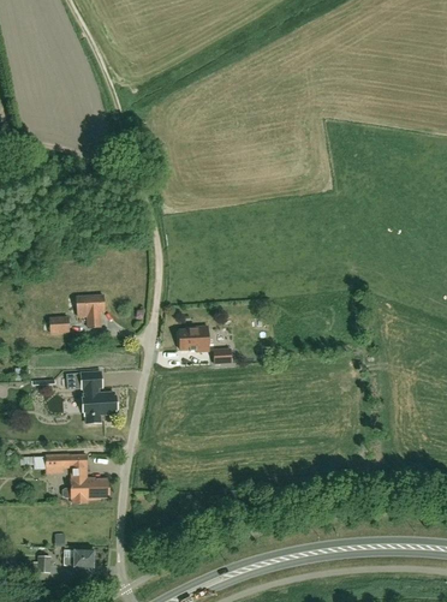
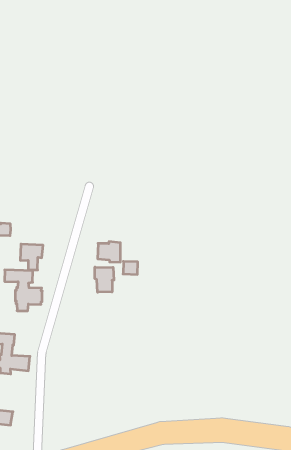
building: [76,294,103,327] -> [20,244,43,270]
building: none -> [95,267,114,292]

